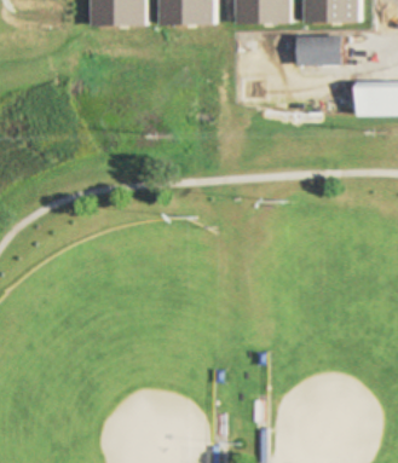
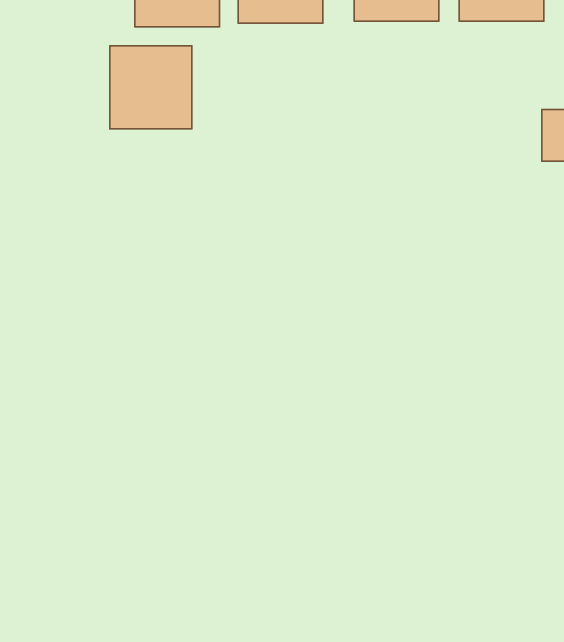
building: [298,35,344,64] -> none
building: none -> [110,46,192,129]

